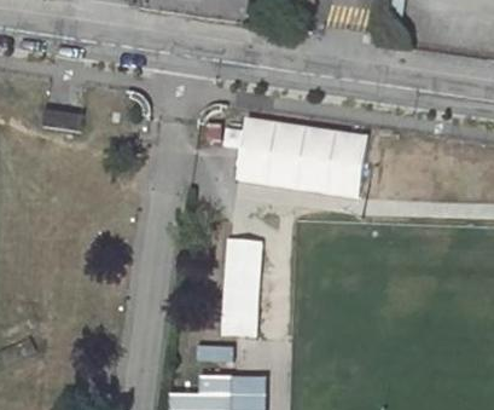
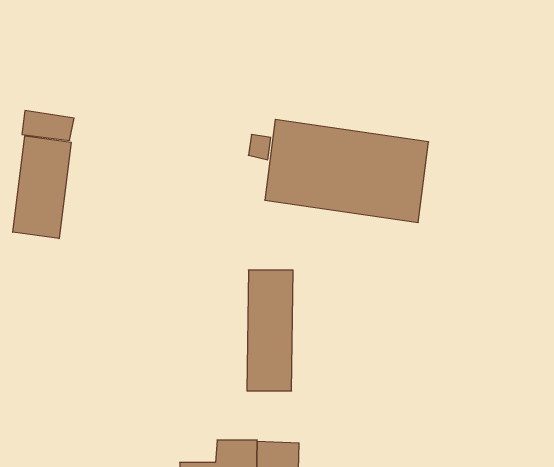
building: none -> [13,136,71,239]

